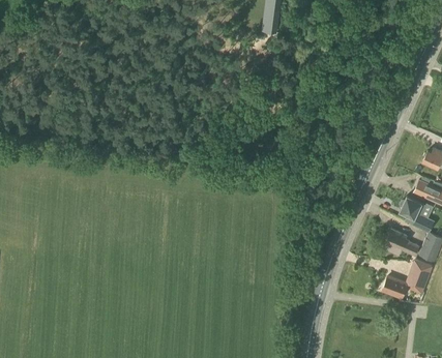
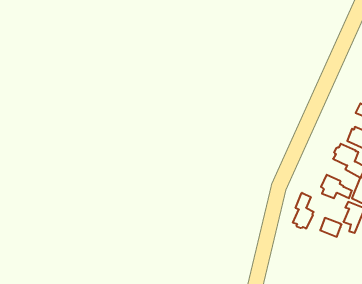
building: none -> [293,193,314,229]

